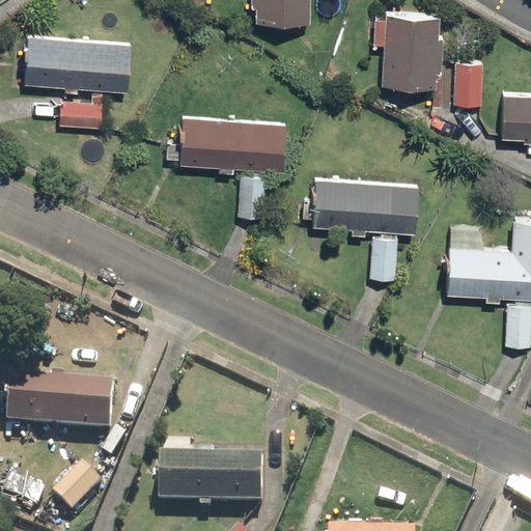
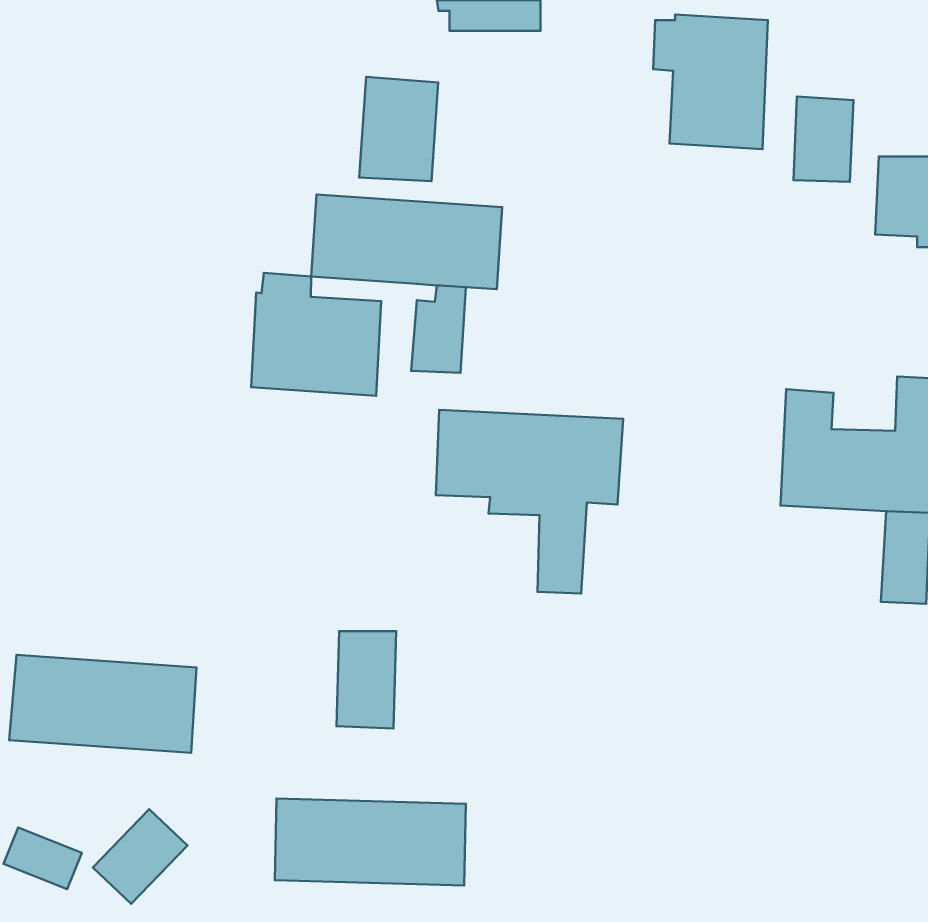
building: [24,35,132,128] -> none
building: none -> [359,77,438,181]
building: none -> [251,273,381,396]
building: [312,175,419,280] -> [436,410,623,594]
building: none -> [336,631,396,728]

